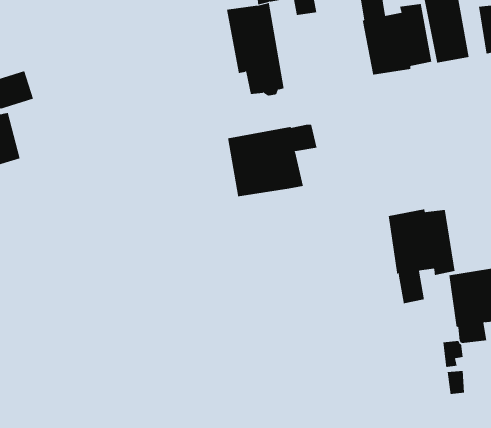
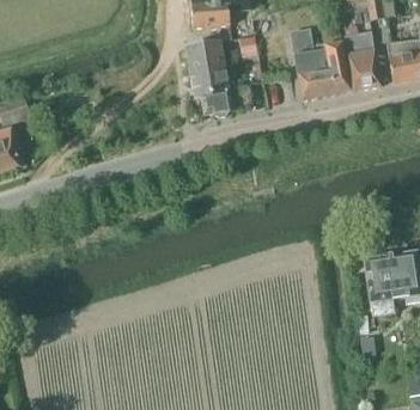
building: [228,124,317,197] -> none
building: [388,209,455,304] -> none

